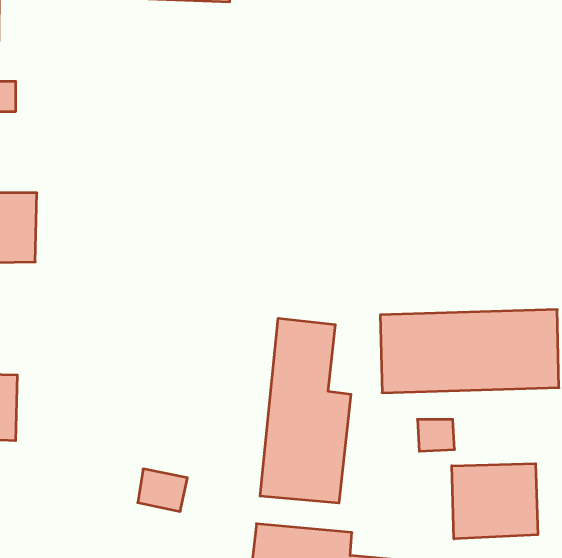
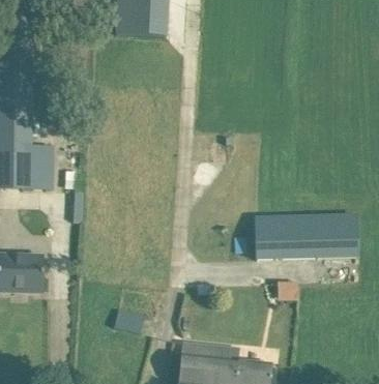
building: [260,318,351,503] -> none
building: [452,464,538,539] -> none

